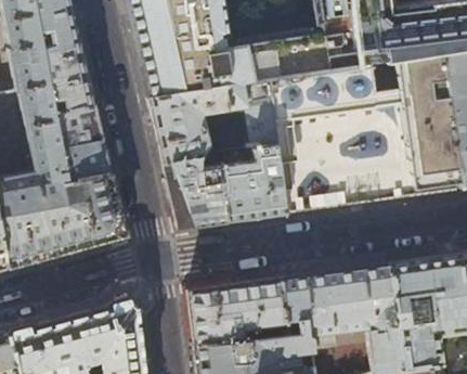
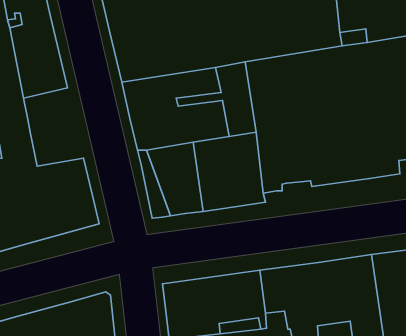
building: [238,80,277,152] -> none
building: [54,105,112,180] -> none

